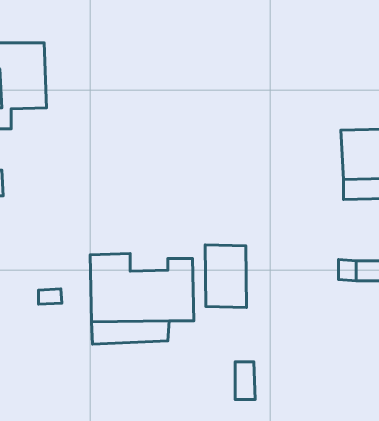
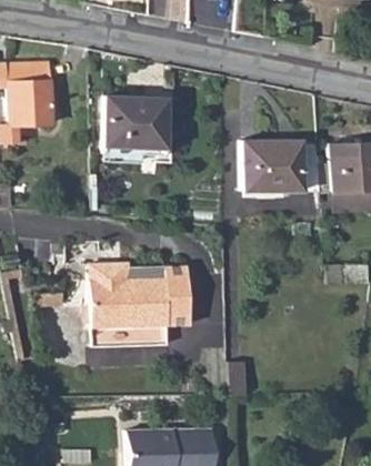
building: none -> [102,98,167,165]
building: none -> [242,140,300,190]
building: [205,245,247,308] -> none

